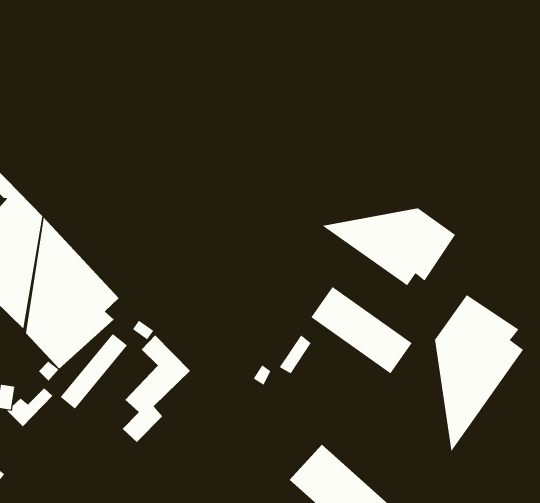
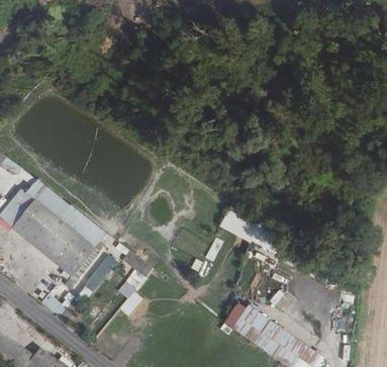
building: [321,208,456,286] -> none
building: [435,294,524,452] -> none

